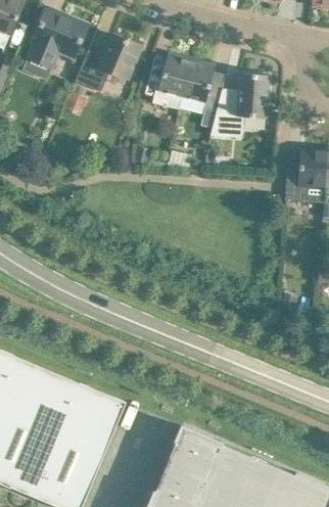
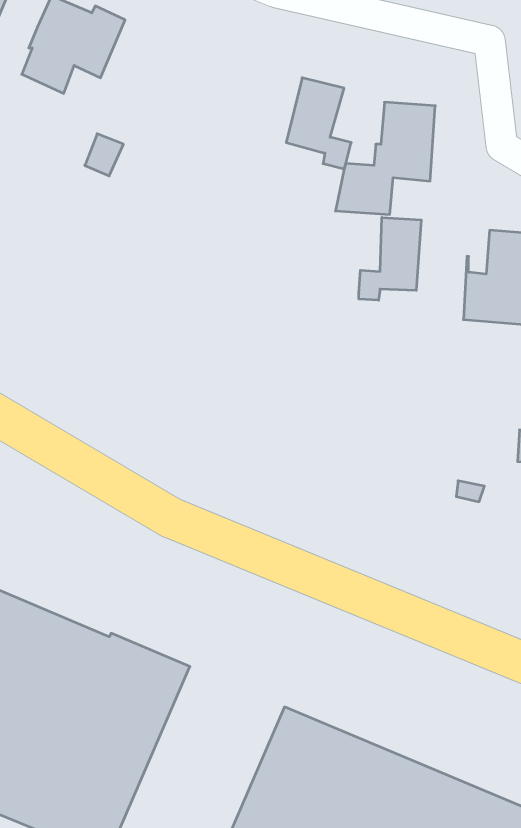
building: [76,35,140,93] -> none
building: [145,53,191,106] -> none
building: none -> [359,217,421,300]

